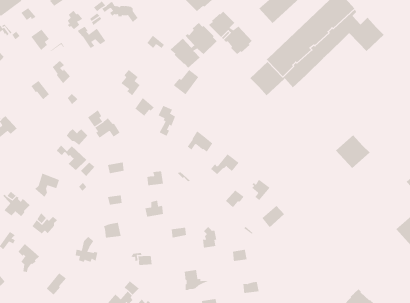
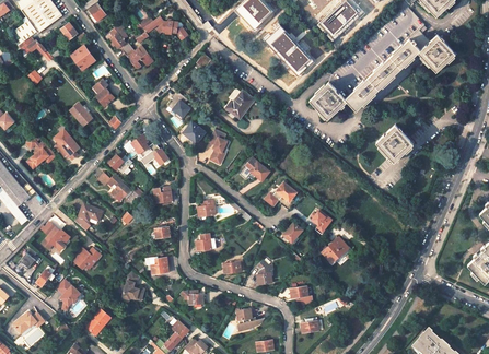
building: [170,22,217,68] -> none
building: none -> [51,125,80,158]
building: [335,134,370,169] -> [374,123,412,161]

